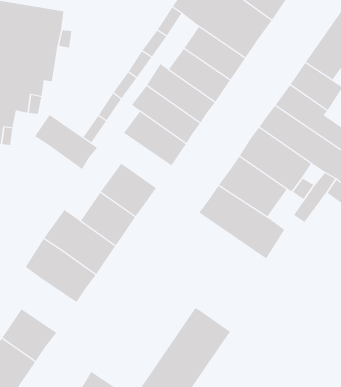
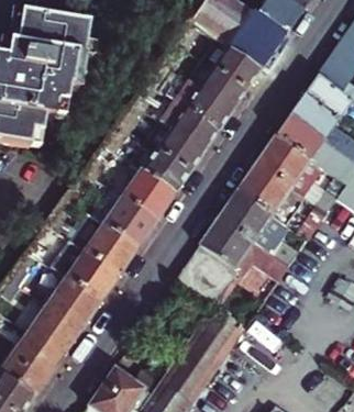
building: [34,114,98,170] -> [132,138,192,191]
building: none -> [176,214,292,307]
building: none -> [49,277,102,329]

